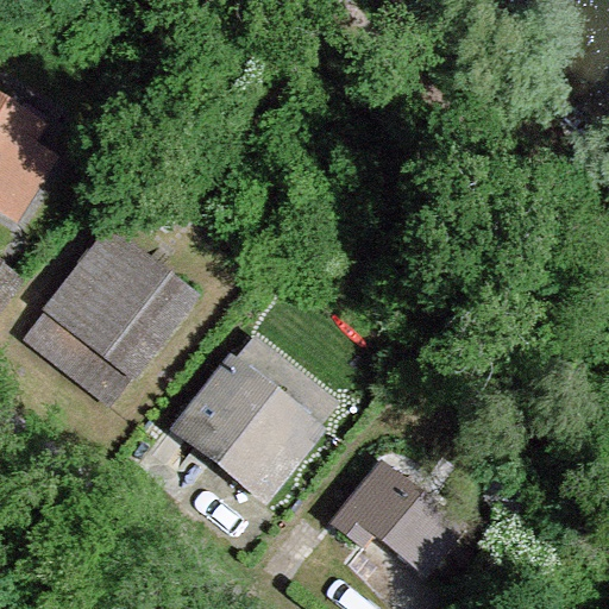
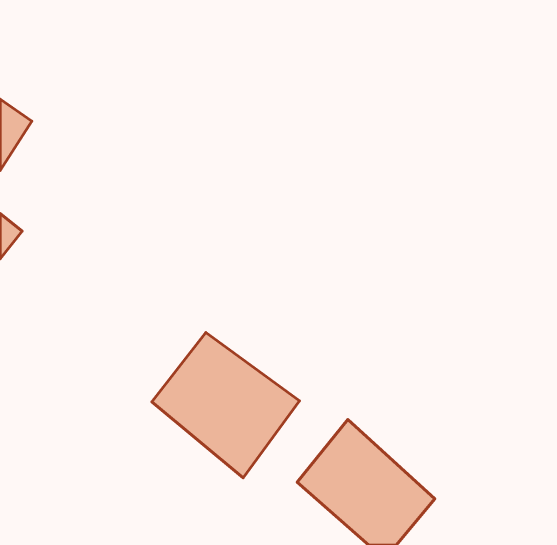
building: [25,227,197,400] -> none

